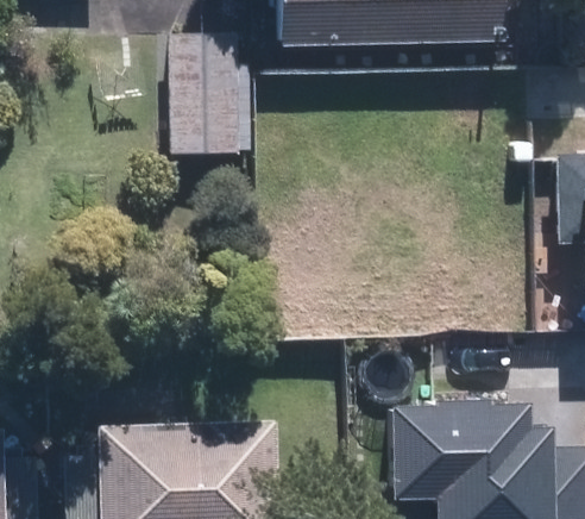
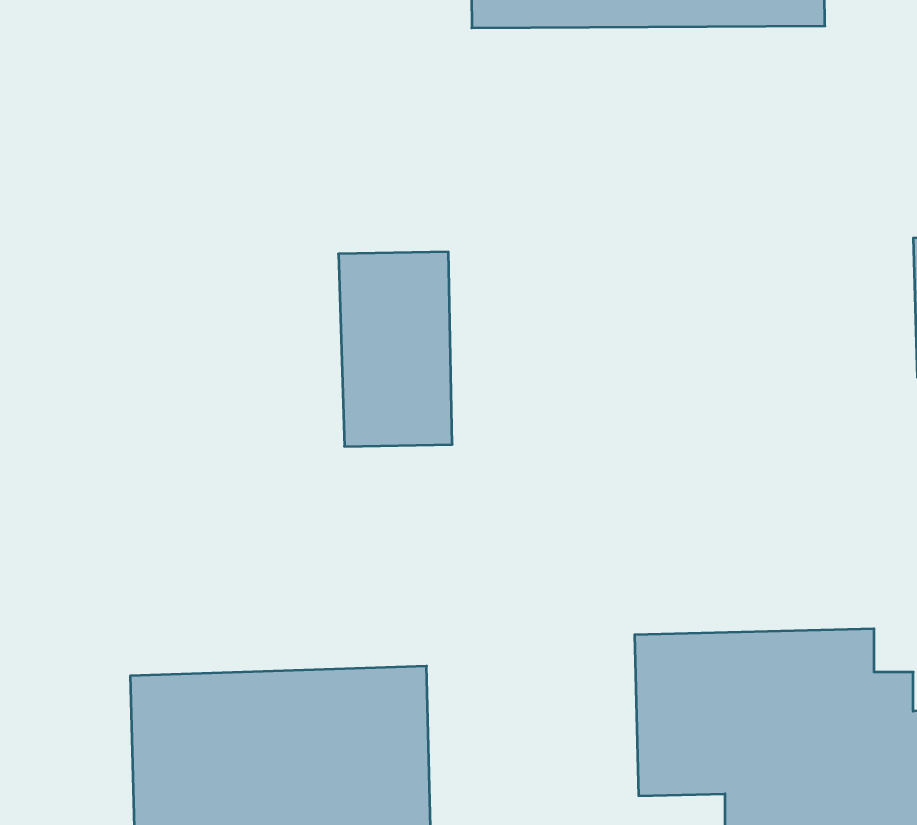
building: [174,36,243,154] -> [338,252,452,446]

